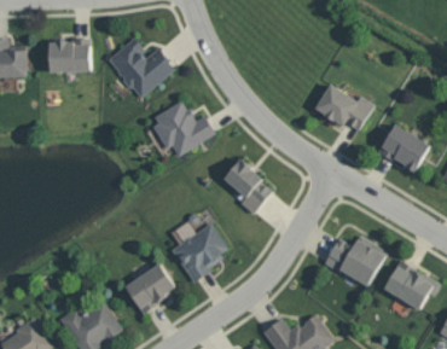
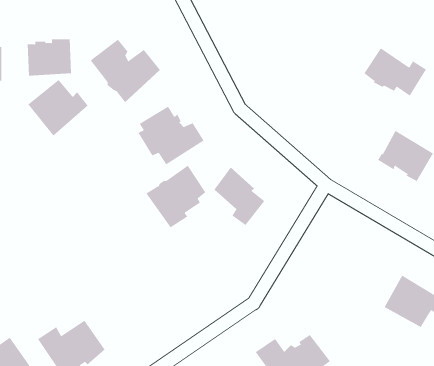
building: none -> [27,79,88,137]
building: [314,85,373,130] -> [364,47,427,97]
building: [170,223,227,283] -> [146,165,206,228]
building: [324,235,387,286] -> none
building: [124,263,175,315] -> none

